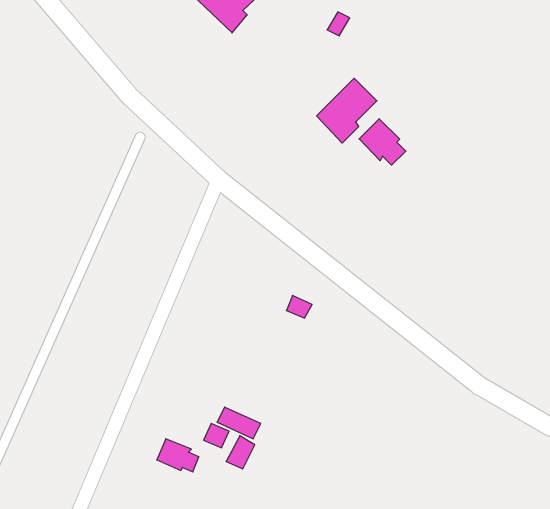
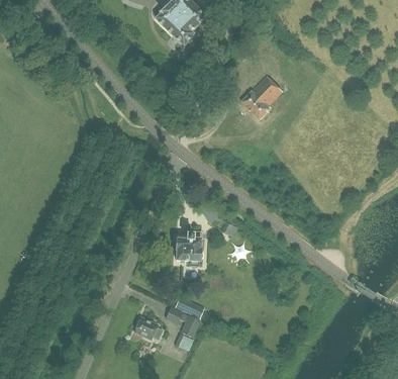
building: [359,119,406,165] -> none
building: none -> [176,231,200,261]

